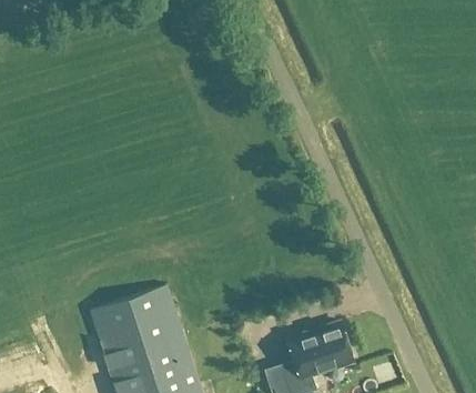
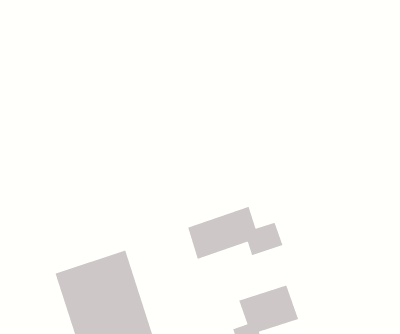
building: none -> [187,206,283,260]

